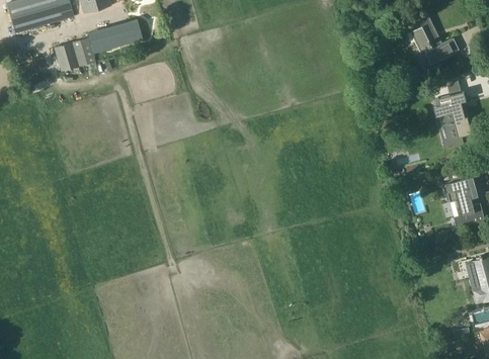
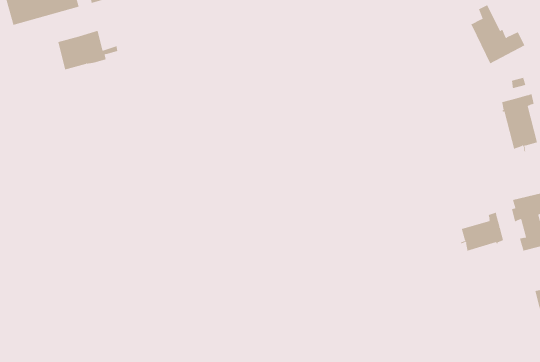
building: [89,18,144,54] -> none
building: none -> [460,212,505,252]

